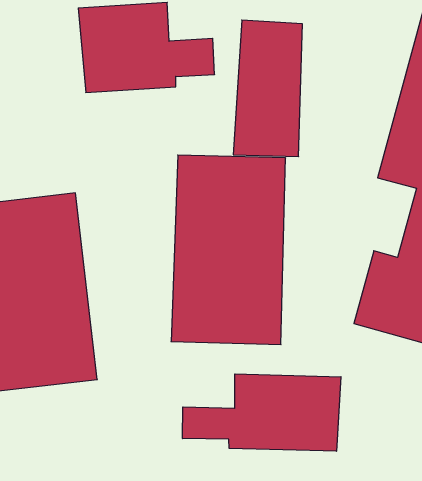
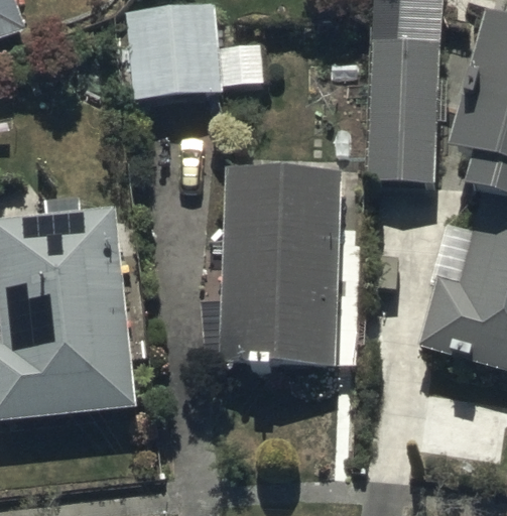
building: [233,20,302,157] -> [364,37,437,182]
building: [183,374,341,451] -> none

